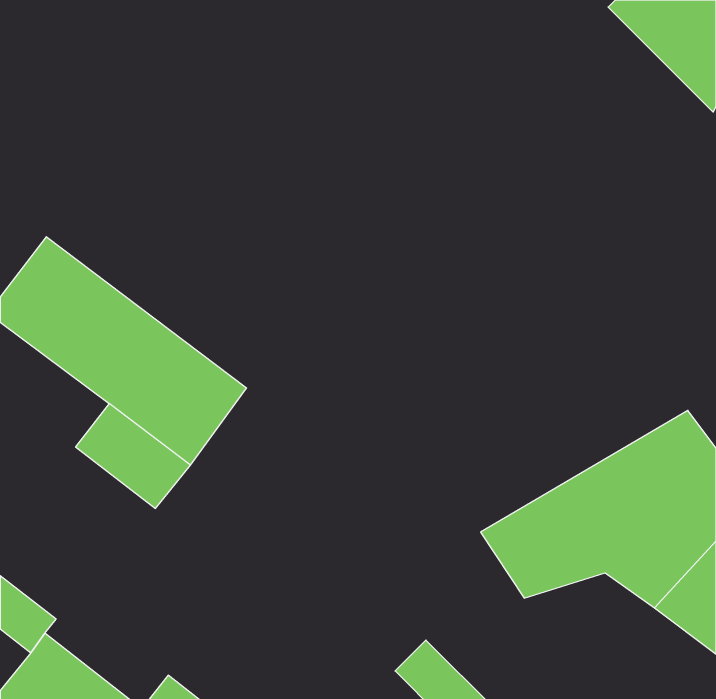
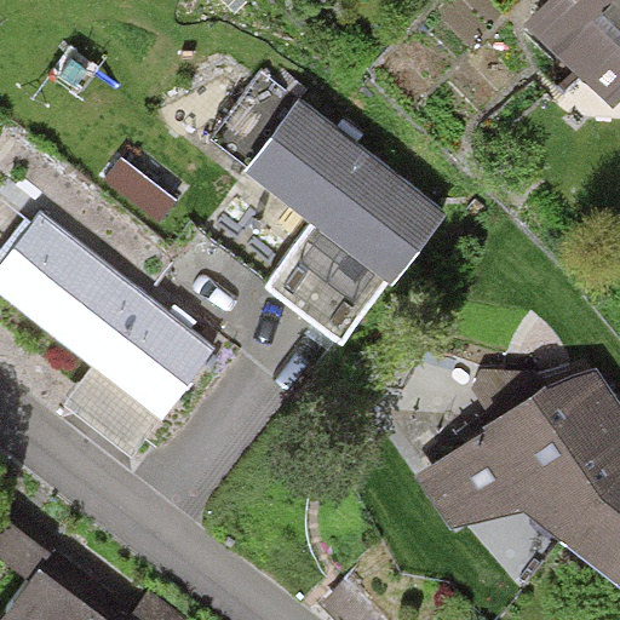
building: none -> [240,96,446,340]

